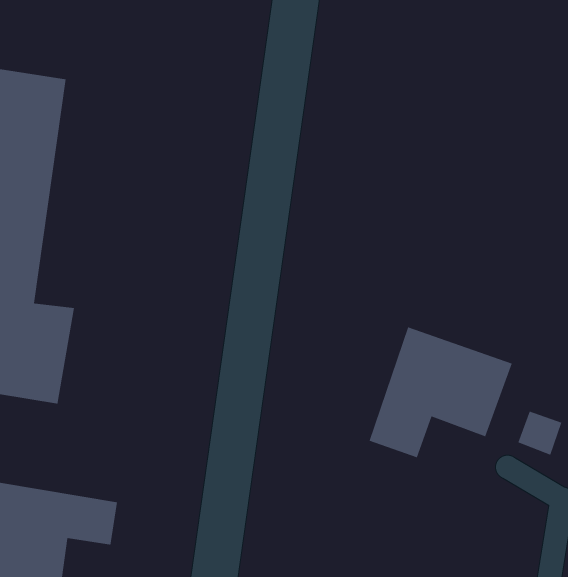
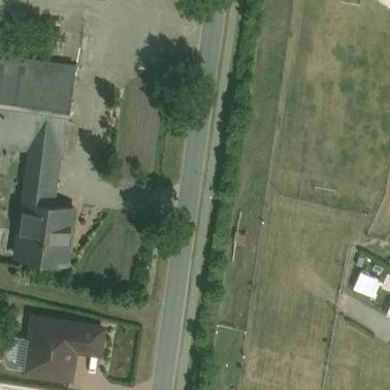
building: [369,327,512,458] -> none

